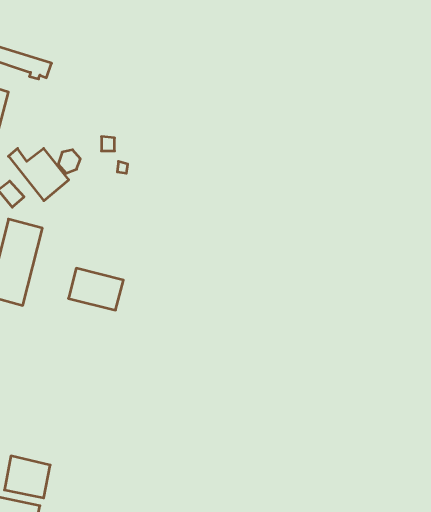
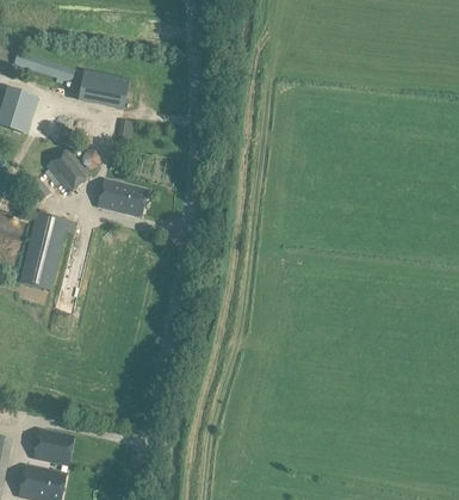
building: none -> [76,68,129,107]
building: [68,268,123,310] -> [97,179,147,217]

